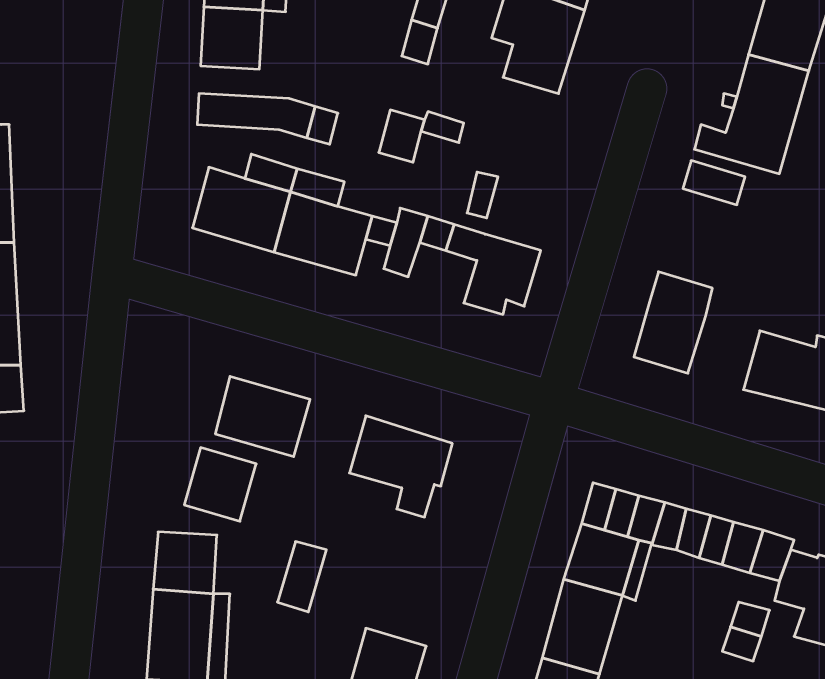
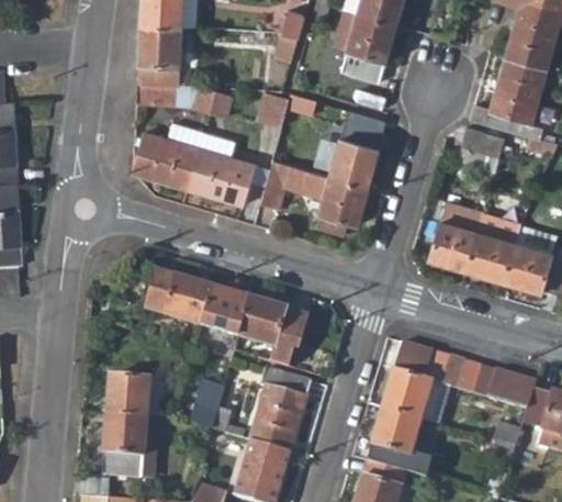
building: none -> [329,110,386,187]
building: none -> [465,212,519,280]
building: [184,448,256,521] -> [201,287,249,336]
building: none -> [249,375,308,453]

